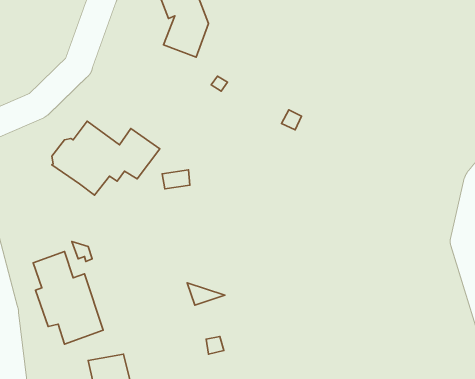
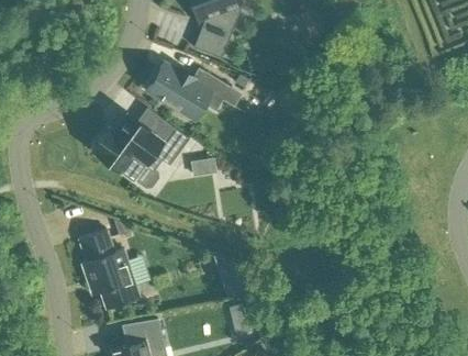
building: none -> [147,63,230,119]

